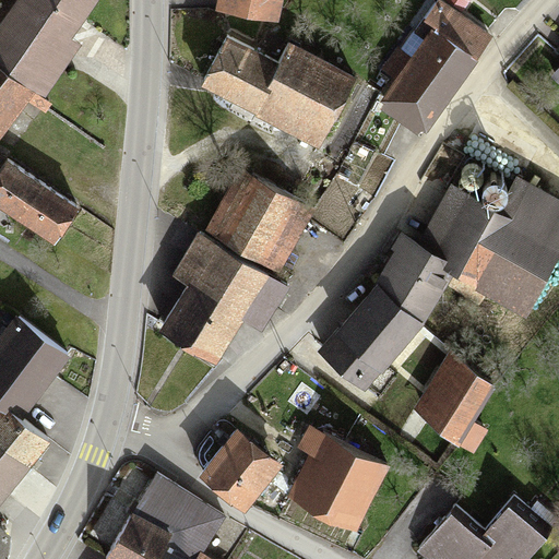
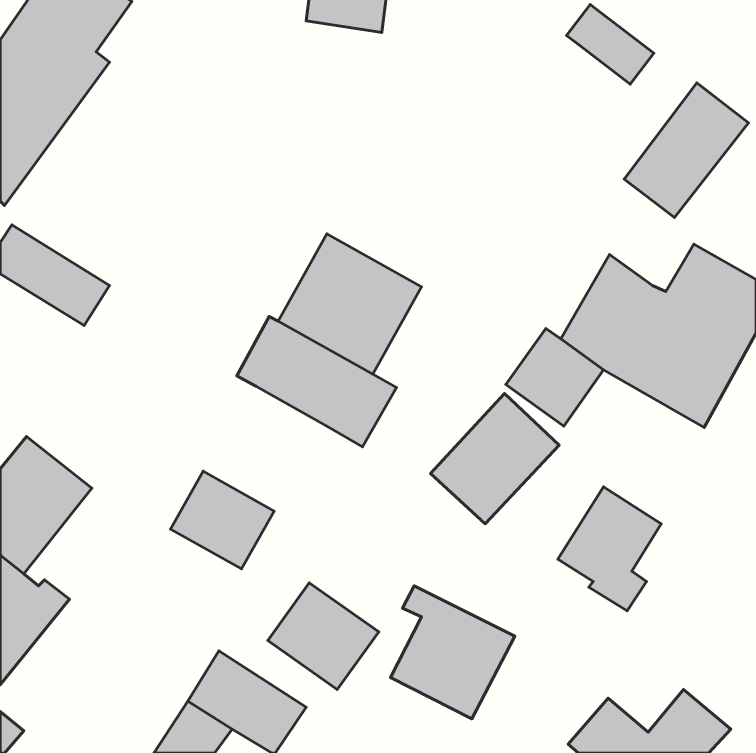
building: [373,33,465,132] -> [624,83,749,218]
building: [206,40,347,138] -> none
building: [165,285,241,357] -> [171,471,274,569]

